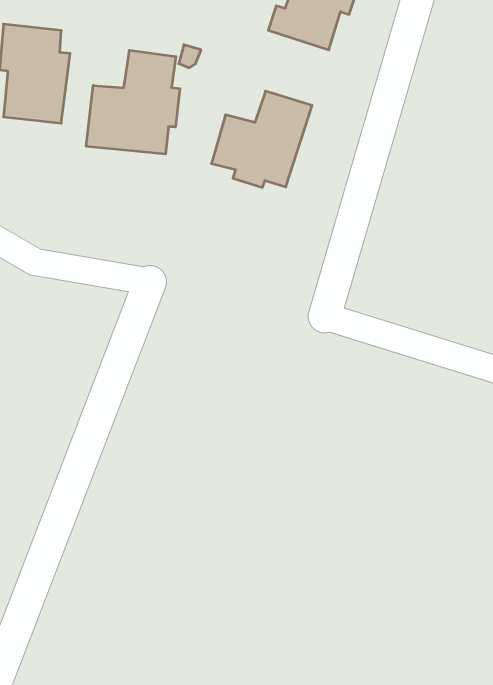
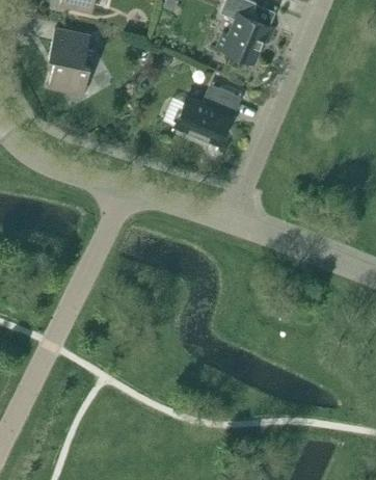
building: [86,50,180,154] -> none

